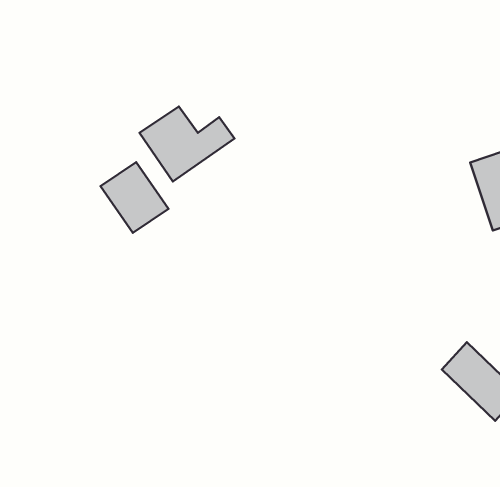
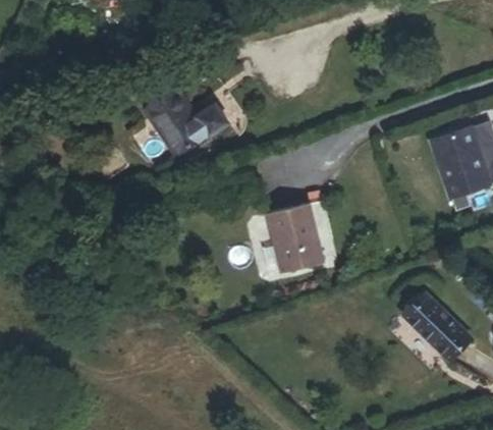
building: [101,162,168,233] -> none
building: none -> [268,204,325,274]

